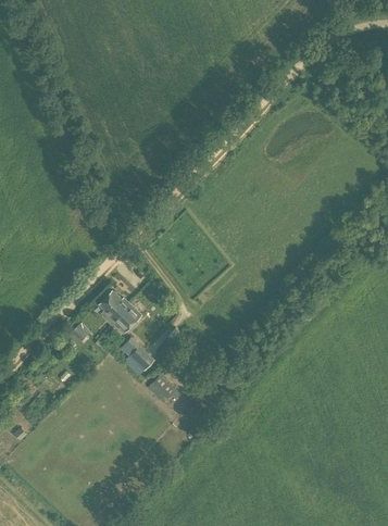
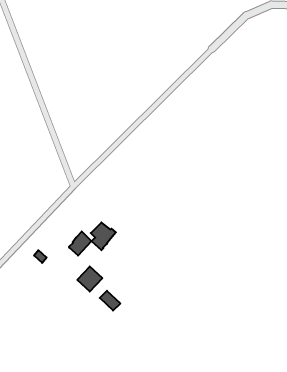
building: [97,290,127,324] -> [91,222,116,250]

